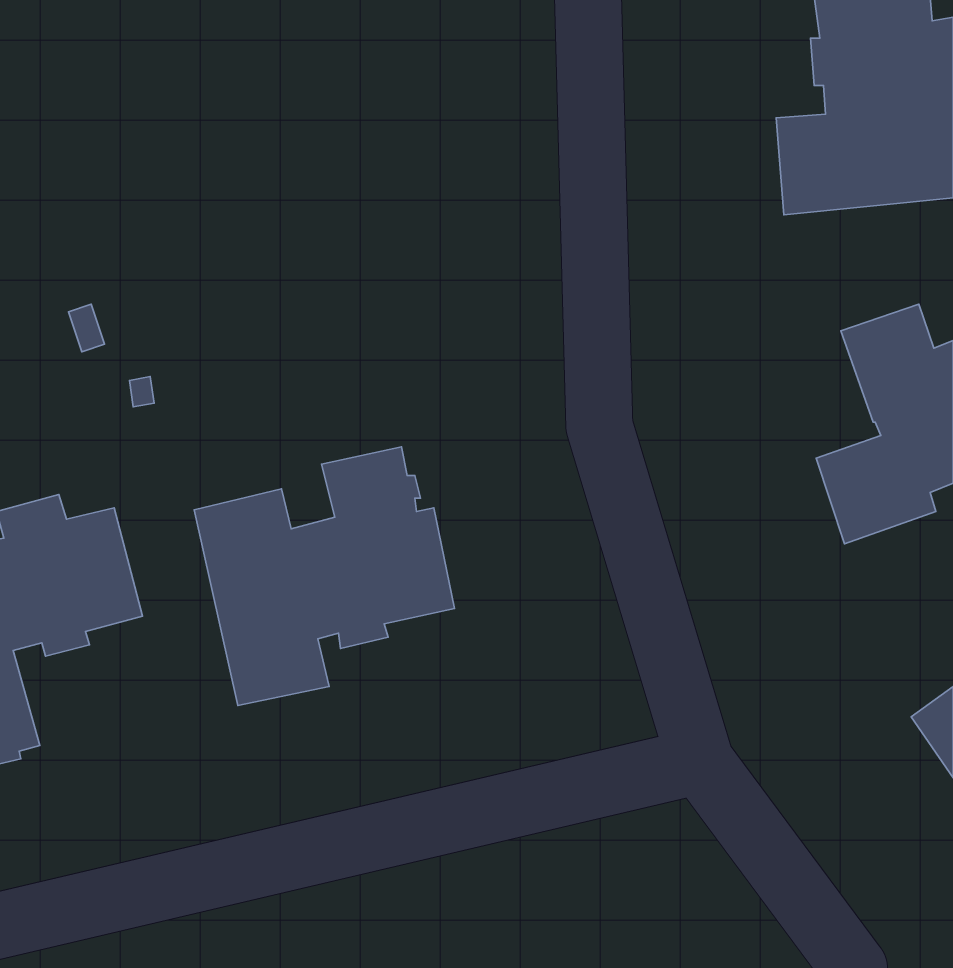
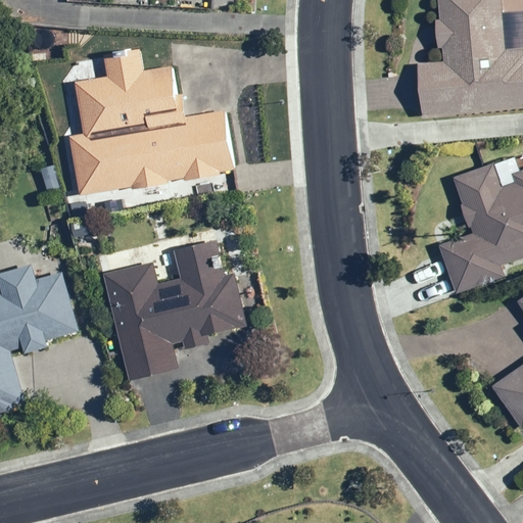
building: none -> [69,49,235,195]

